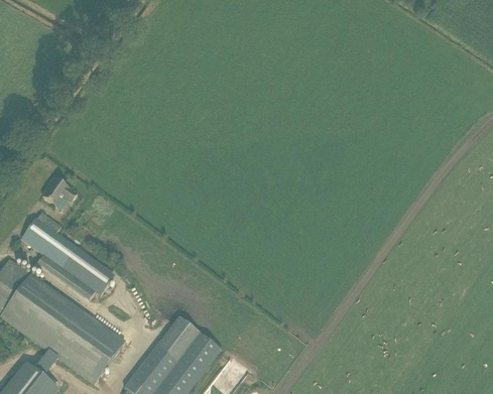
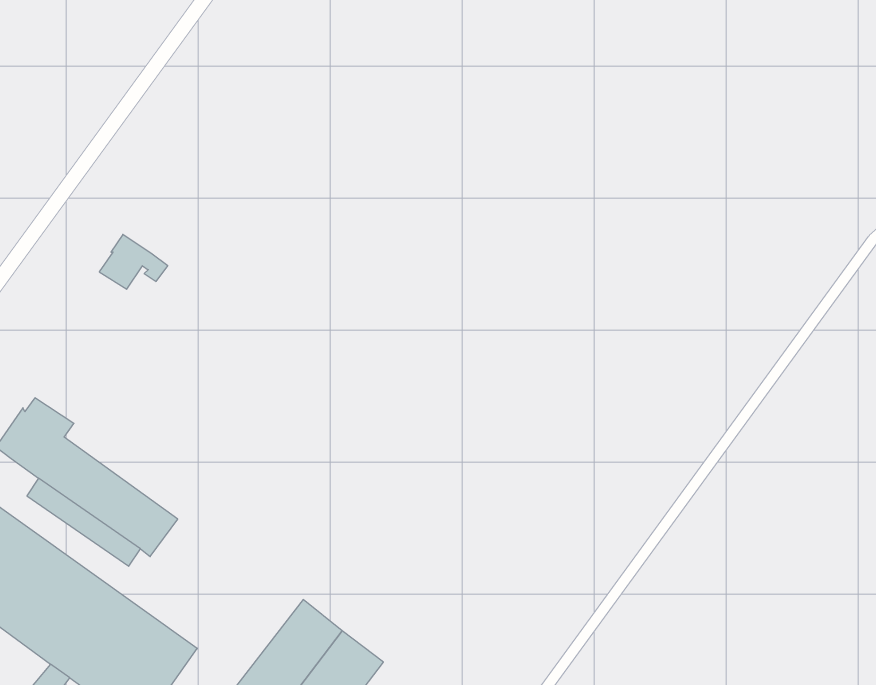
building: [42,176,78,205] -> [99,234,168,289]

